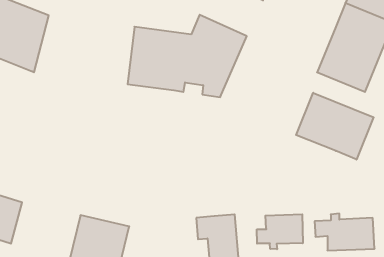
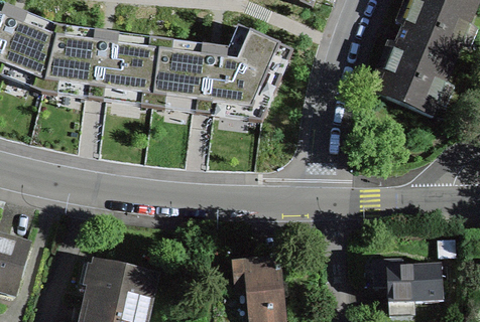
building: none -> [41,24,159,105]
building: [296,93,374,160] -> none
building: [257,214,303,249] -> none

